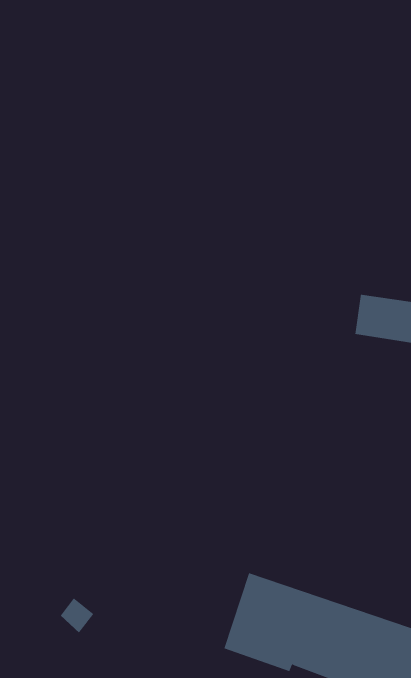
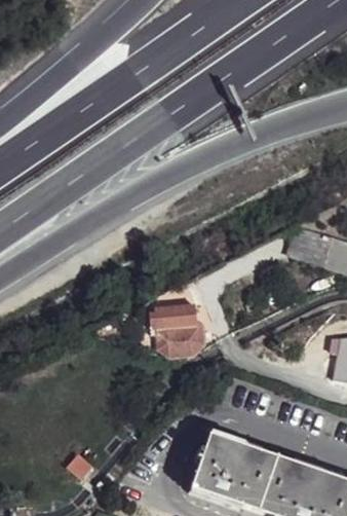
building: none -> [158,310,209,359]

